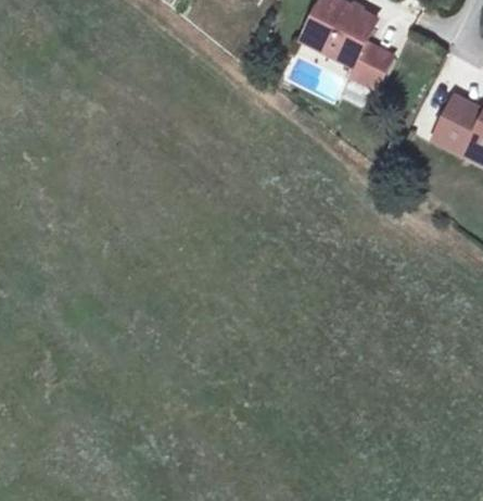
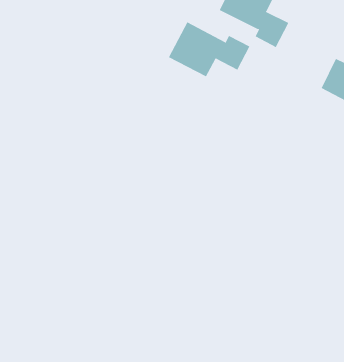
building: none -> [168,21,250,77]

